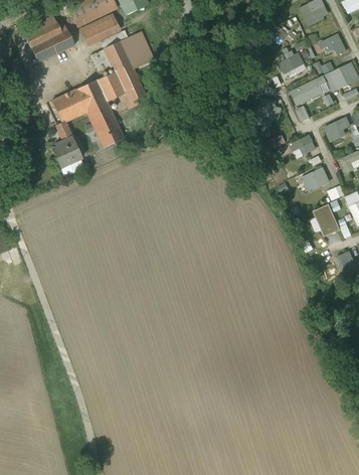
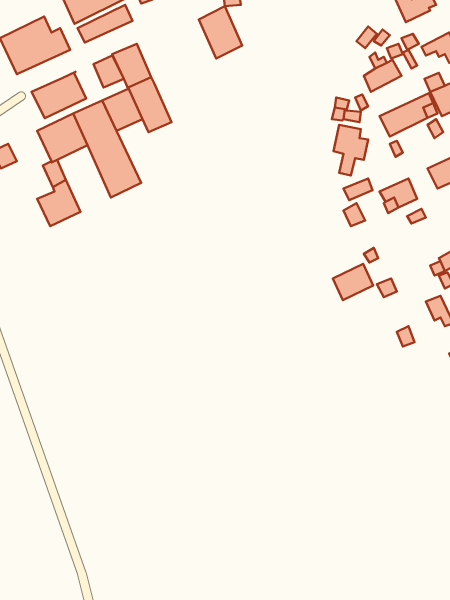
building: [121,32,151,68] -> [199,6,242,58]
building: none -> [31,72,86,118]
building: [302,167,330,192] -> [333,264,373,300]

